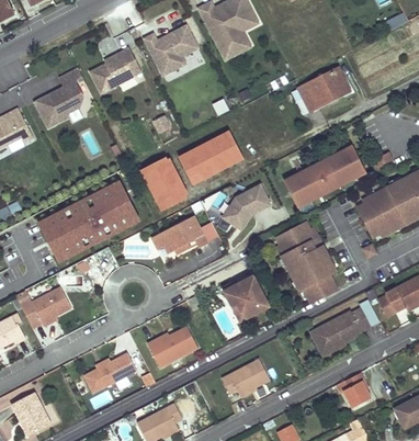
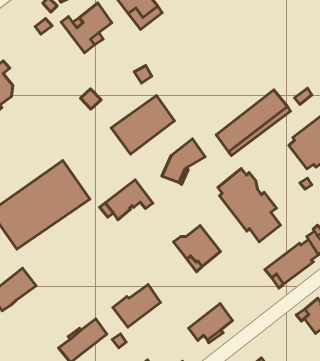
building: [87,49,143,95] -> none
building: [291,68,350,113] -> none
building: [140,156,190,214] -> none

